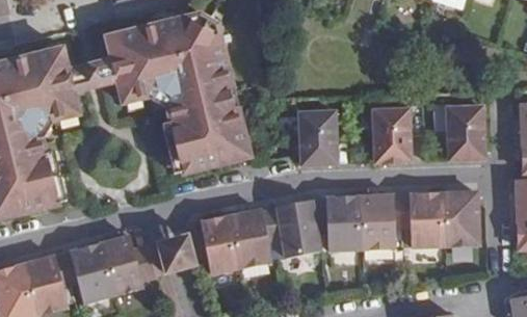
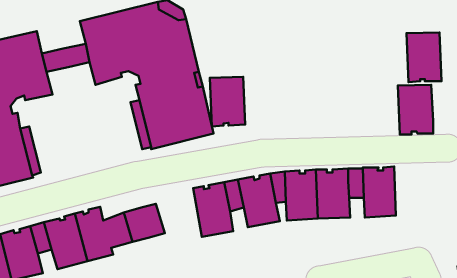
building: [372,108,410,161] -> [406,32,442,82]
building: [298,111,336,164] -> [210,77,245,127]
building: [442,191,478,244] -> none
building: [188,215,237,272] -> none

